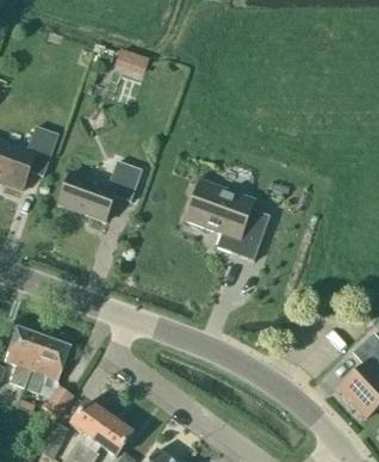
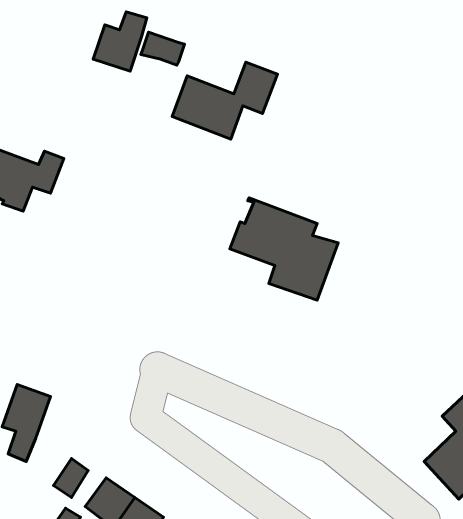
building: none -> [93,12,147,71]
building: [58,160,142,221] -> [172,62,278,139]
building: [26,337,69,393] -> none

